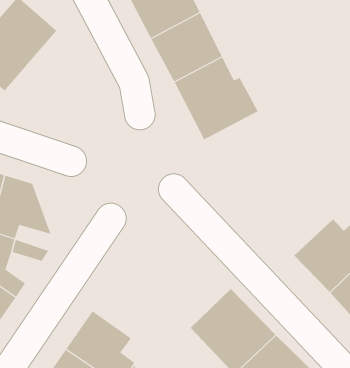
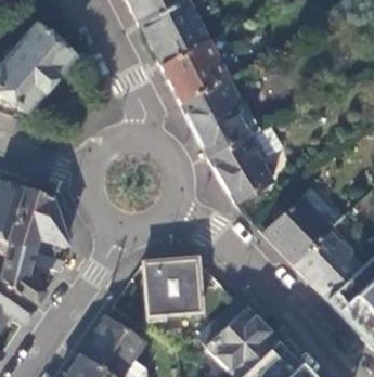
building: none -> [209,125,284,204]
building: none -> [262,187,336,264]
building: none -> [143,256,201,314]

